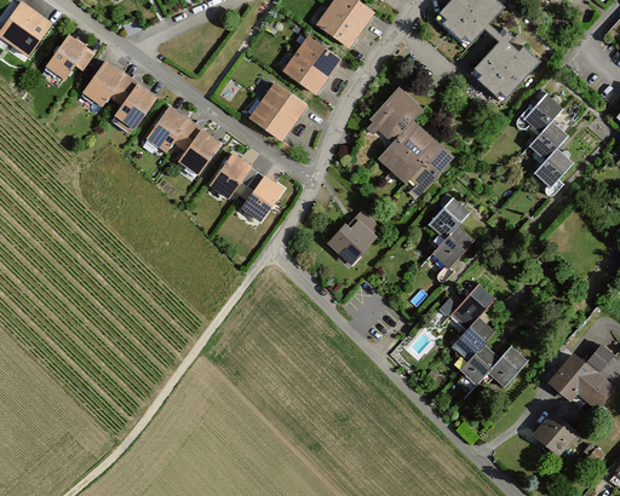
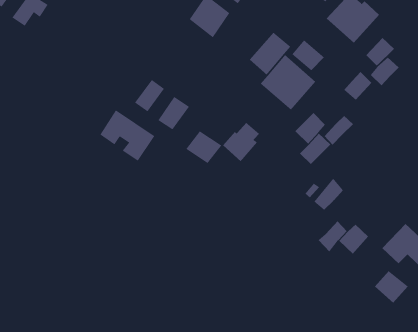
building: [80,59,157,131] -> none
building: [248,82,306,140] -> none
building: none -> [292,40,325,71]
building: [144,104,219,174] -> [100,110,155,161]
building: [533,148,572,188] -> [343,71,372,101]
building: none -> [324,115,354,145]
building: none -> [185,131,222,164]
building: [452,316,494,361] -> none

